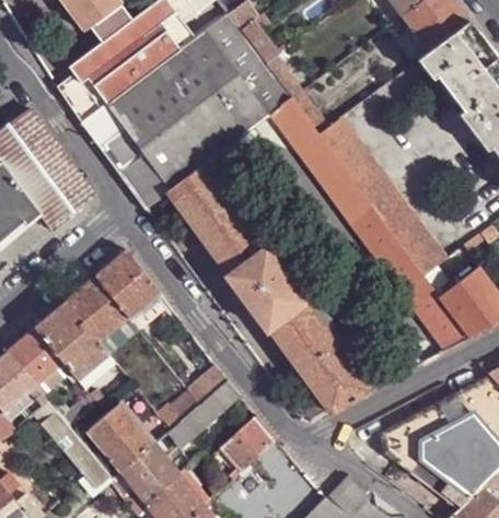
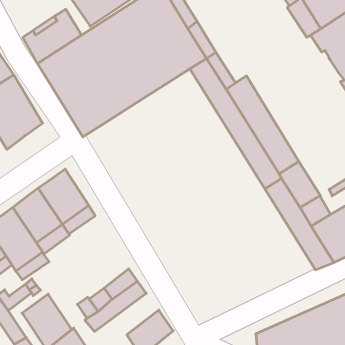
building: [166,164,369,411] -> none

